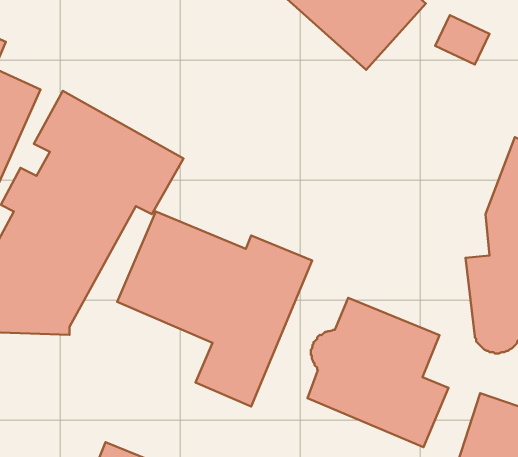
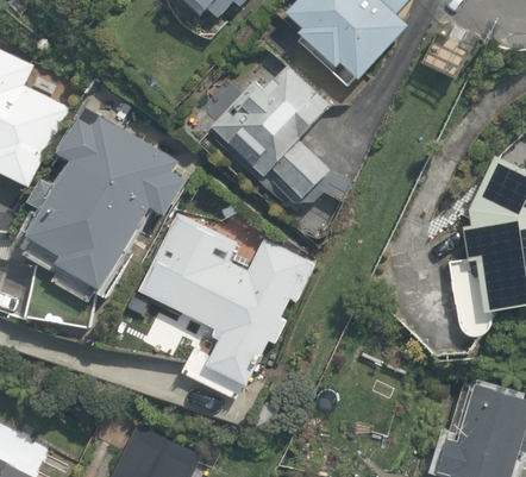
building: none -> [202,56,349,214]
building: [307,298,448,447] -> none

